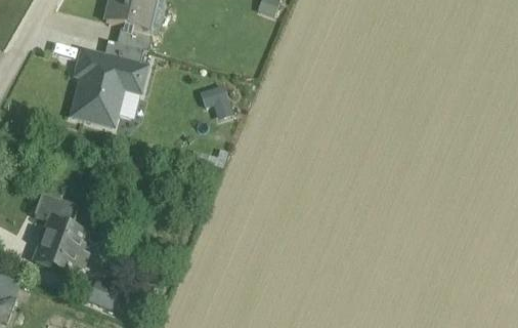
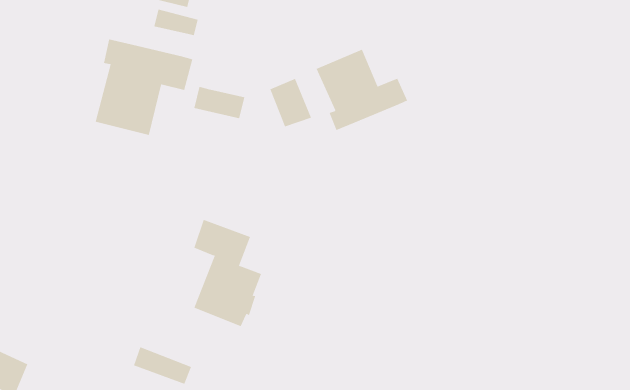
building: [104,39,143,64] -> [194,86,245,119]
building: none -> [316,49,408,131]
building: [35,192,86,273] -> [194,219,262,327]

